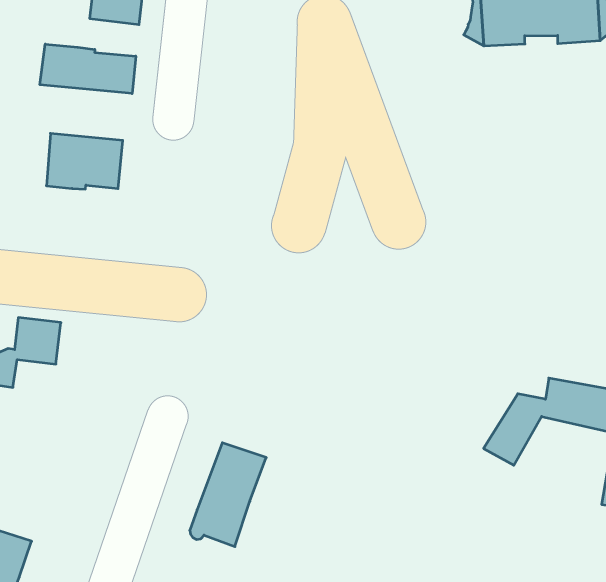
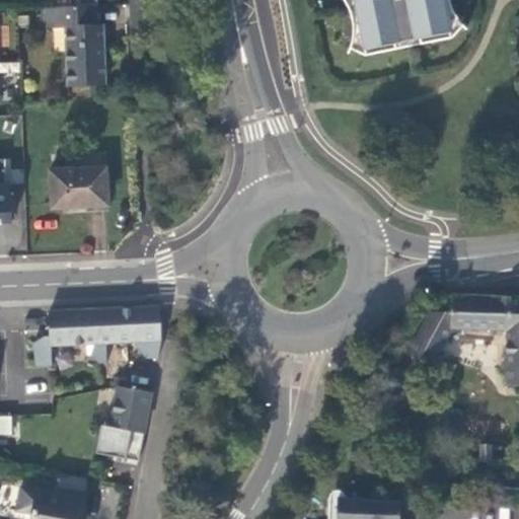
building: [40,44,136,94] -> none
building: none -> [82,306,160,361]
building: [190,443,266,547] -> [100,384,149,460]

